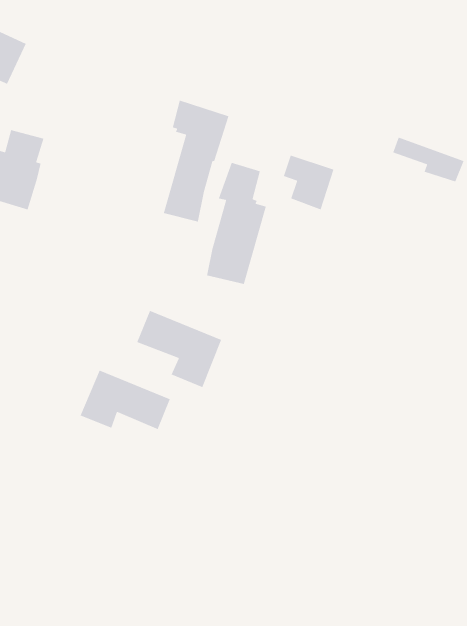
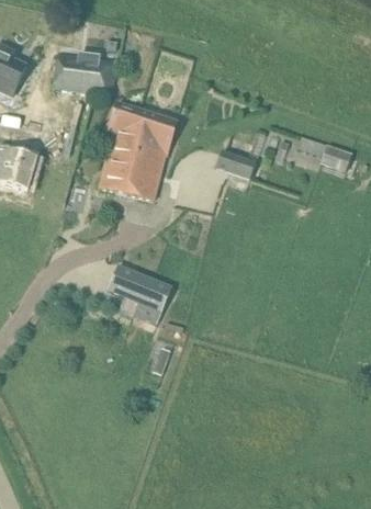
building: none -> [53,53,116,97]
building: [206,162,267,285] -> [99,102,144,193]
building: [80,369,171,430] -> none

